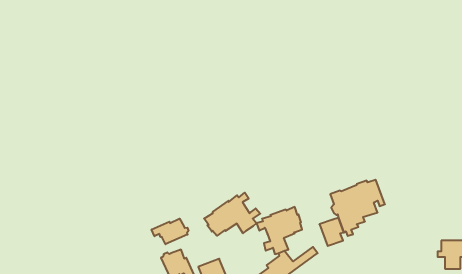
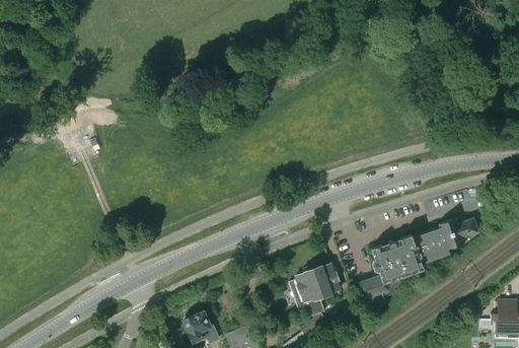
building: none -> [422,217,478,260]
building: [204,193,260,236] -> none
building: [152,219,188,244] -> none

